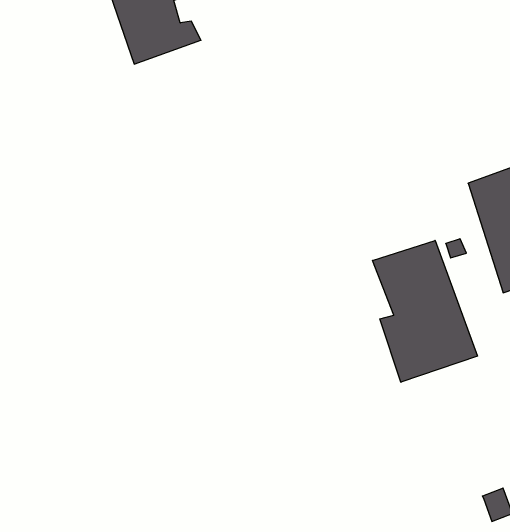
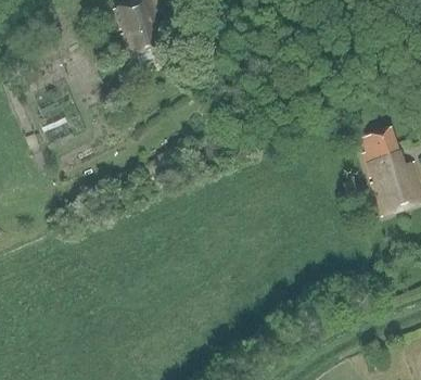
building: [373,240,478,382] -> none

